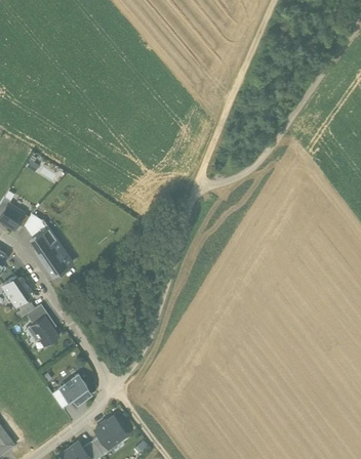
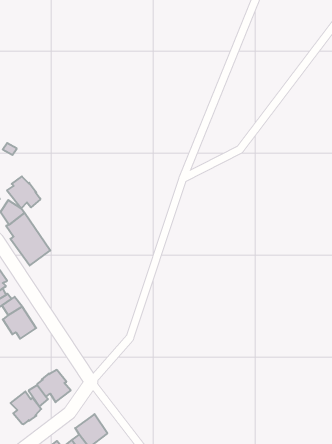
building: none -> [7,176,40,209]
building: none -> [11,391,41,424]

